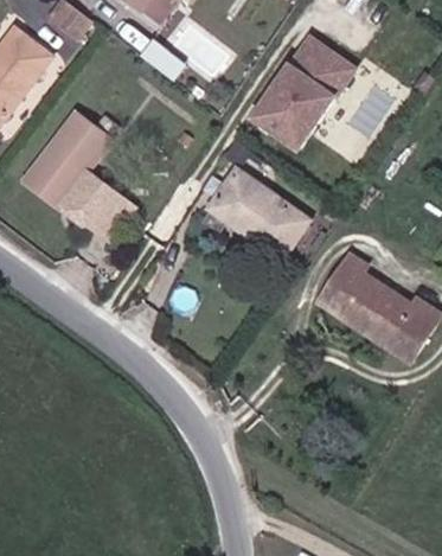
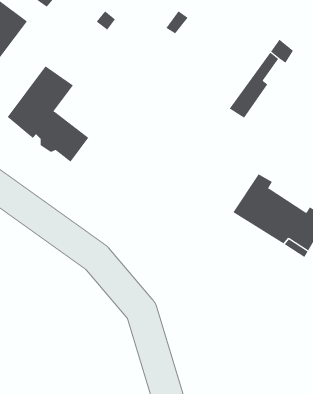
building: [255,37,354,146] -> none
building: [207,166,310,257] -> none

